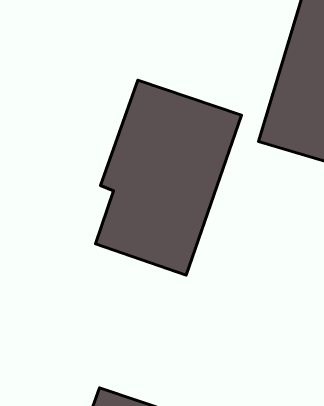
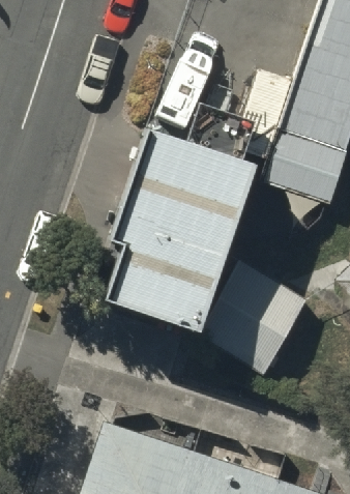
building: none -> [205,257,312,366]

